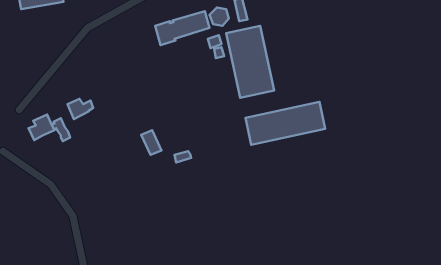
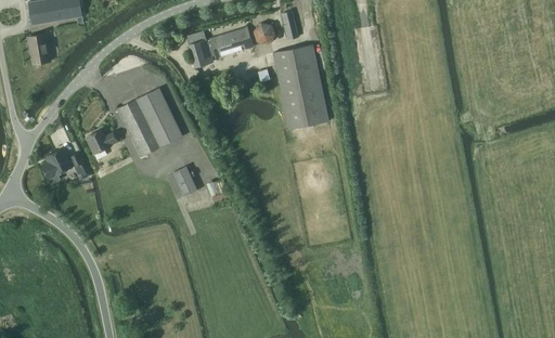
building: none -> [28,34,50,64]
building: none -> [117,88,181,156]
building: [245,102,325,145] -> none

